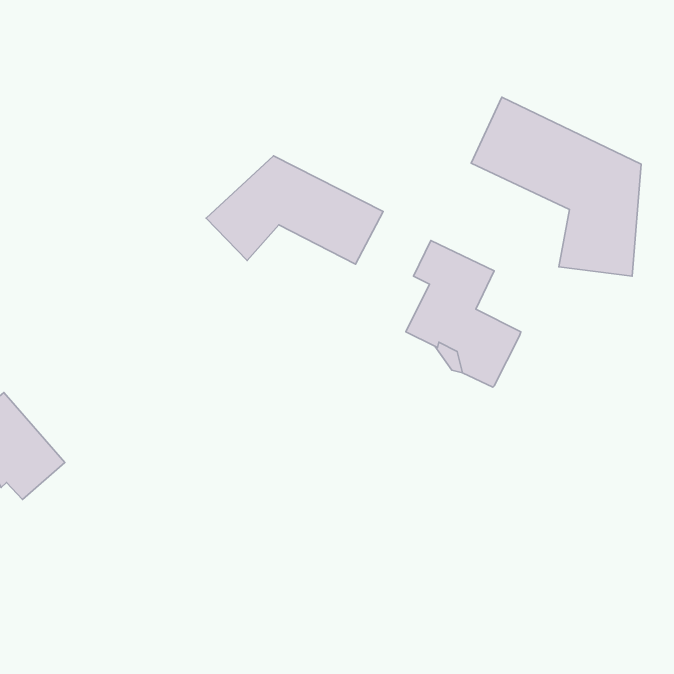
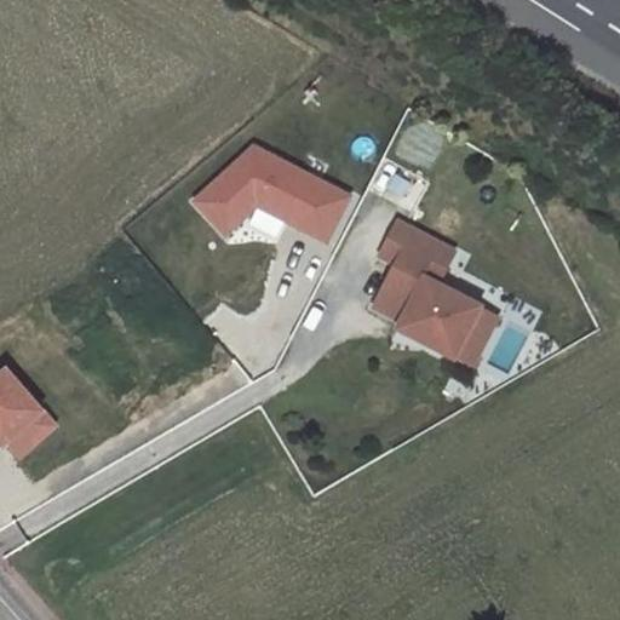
building: [471,97,641,276] -> none
building: none -> [453,308,504,368]

